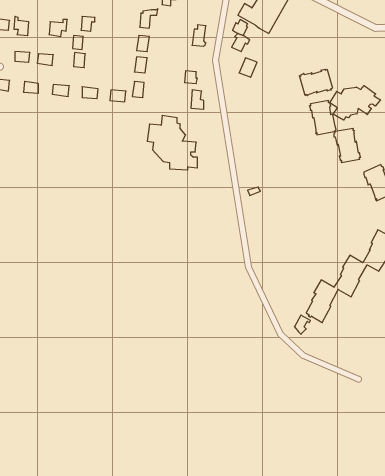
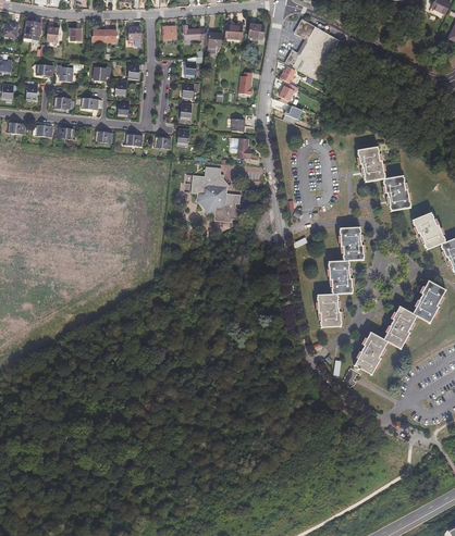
building: [299,69,333,96] -> none
building: [330,86,380,120] -> none
building: none -> [316,226,362,325]

